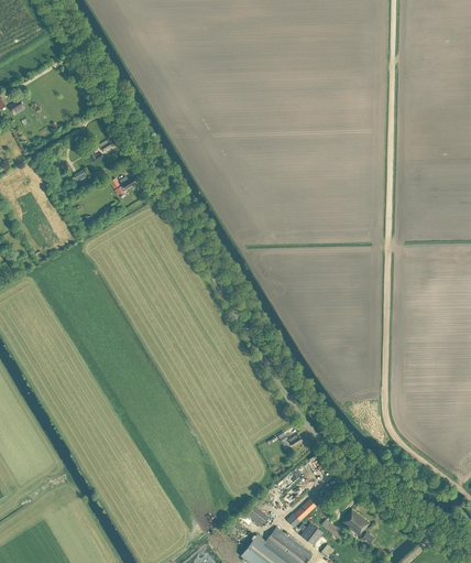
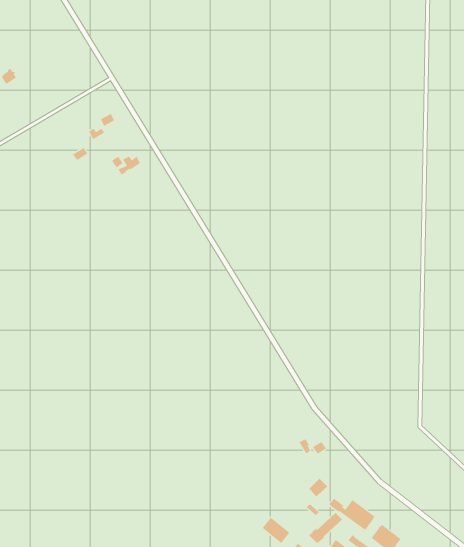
building: none -> [328,498,375,531]

